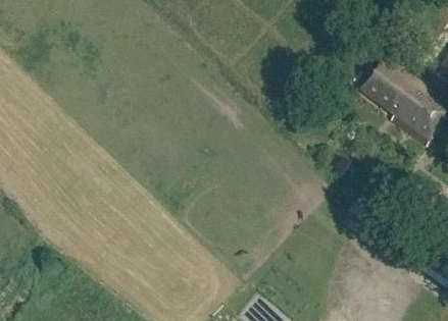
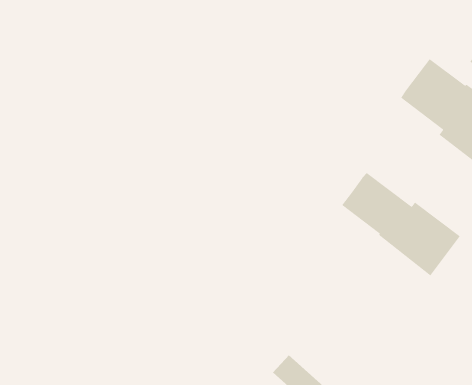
building: none -> [341,172,461,276]

